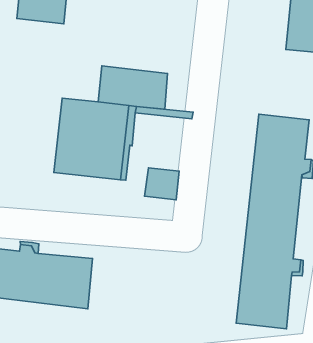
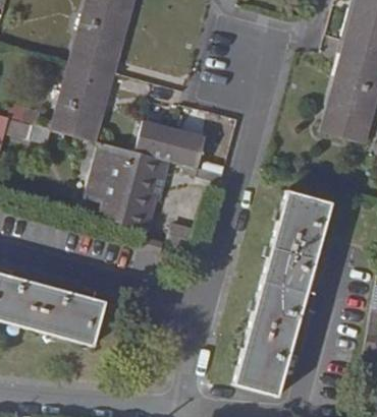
building: none -> [51,61,114,142]

